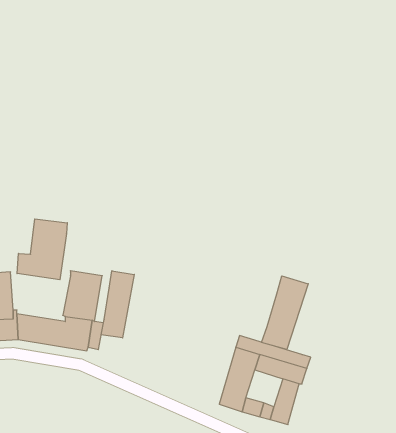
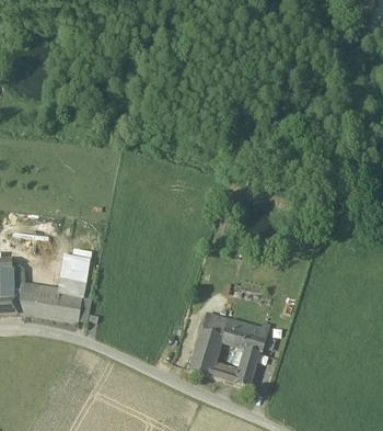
building: [17,219,67,280] -> none
building: [101,271,134,338] -> none
building: [262,276,308,349] -> none

